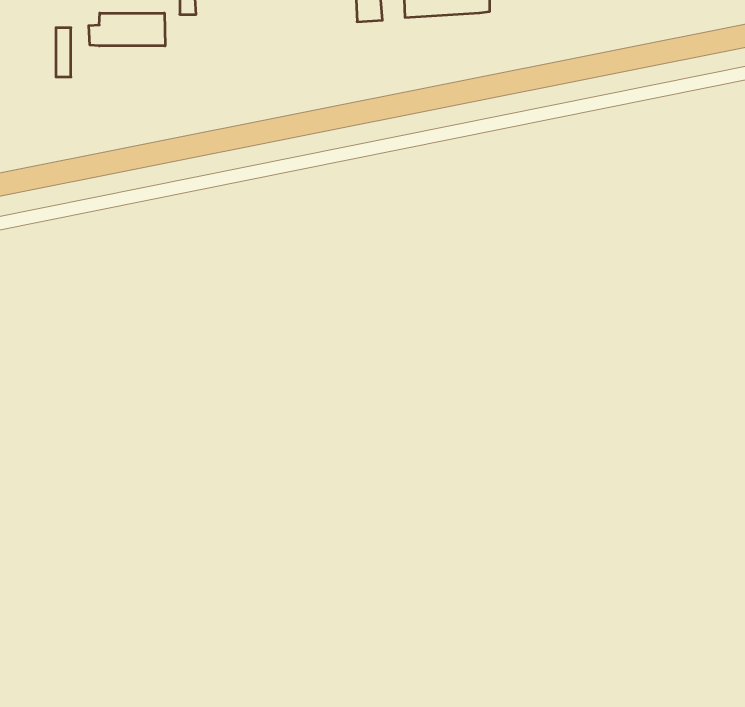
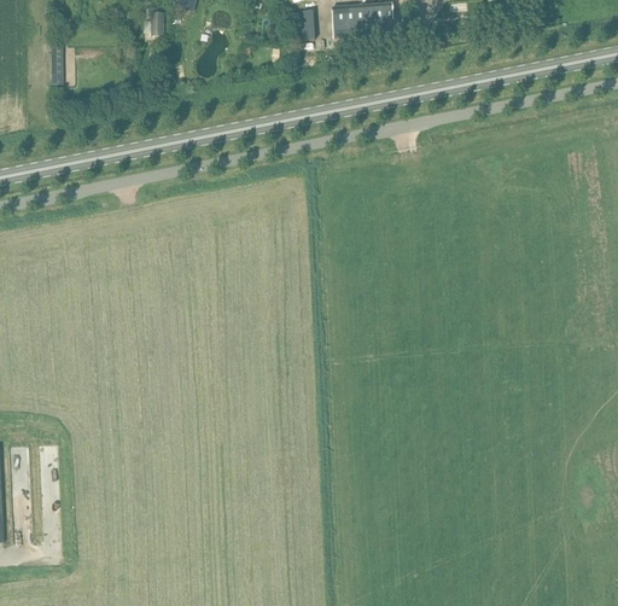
building: [89,13,165,46] -> none

